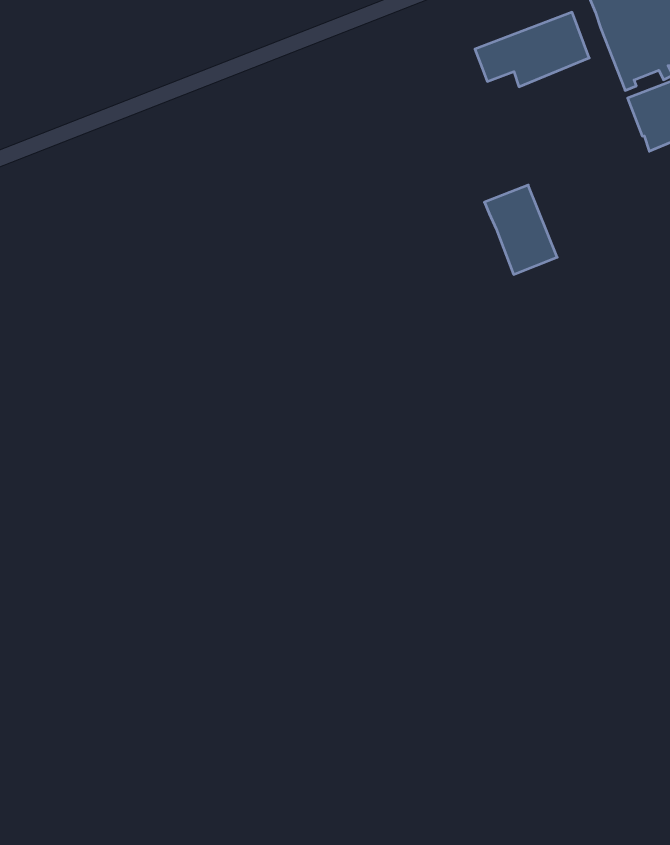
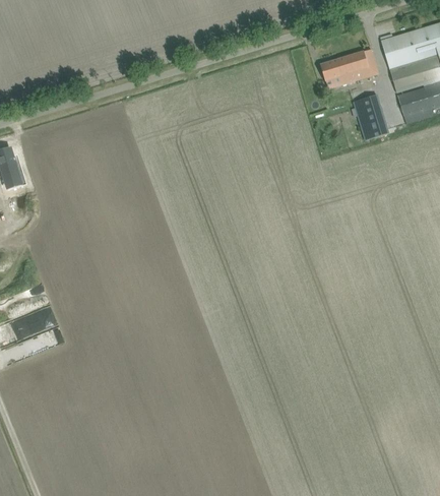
building: [484,185,557,274] -> [352,95,387,140]

